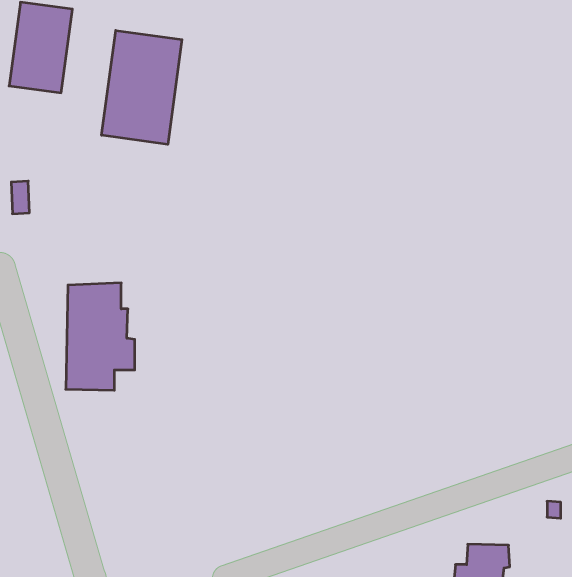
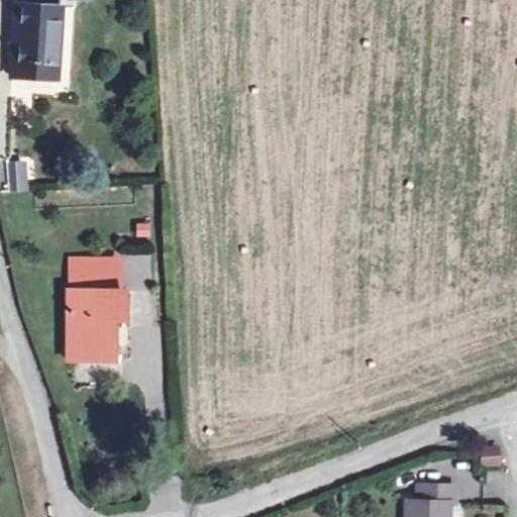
building: [102,30,182,144] -> none

